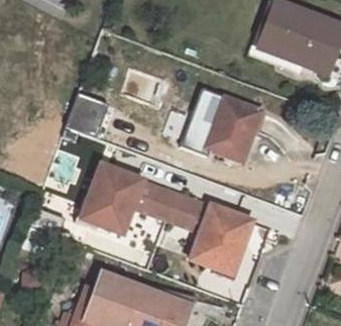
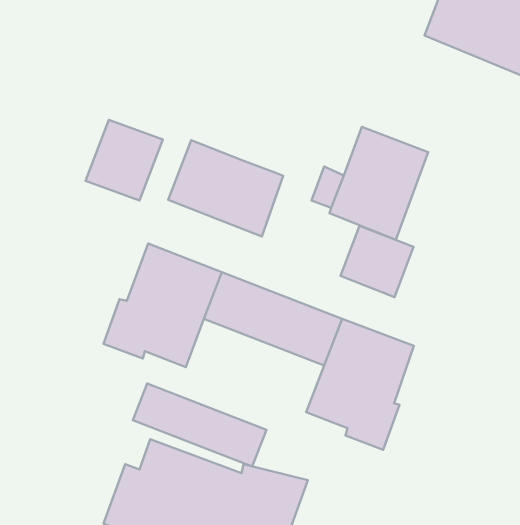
building: none -> [168,140,283,237]
building: none -> [340,226,414,297]
building: none -> [133,383,266,466]

